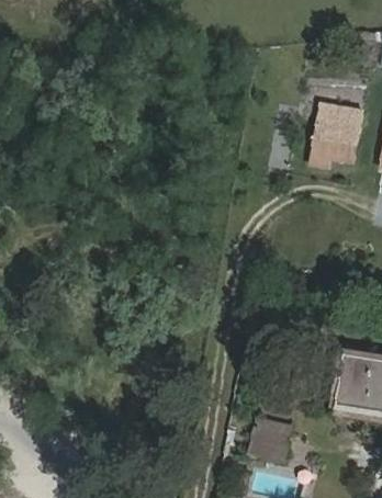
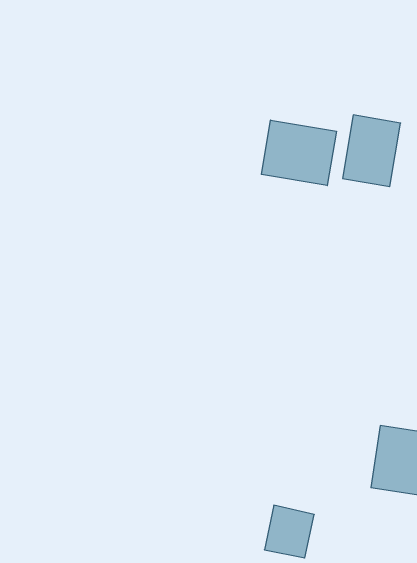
building: none -> [261,120,336,186]

